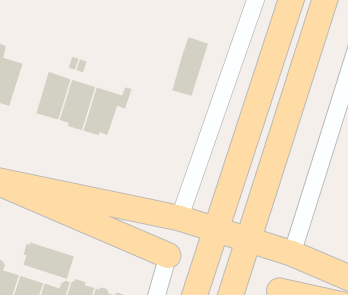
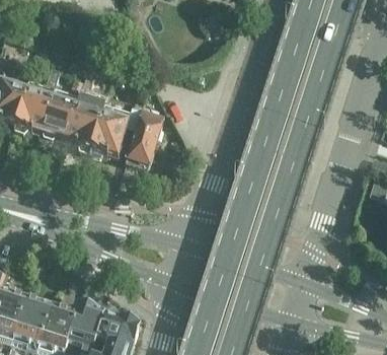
building: [171,36,209,96] -> [124,106,162,169]
building: none -> [14,65,61,132]
building: [23,241,75,280] -> none

